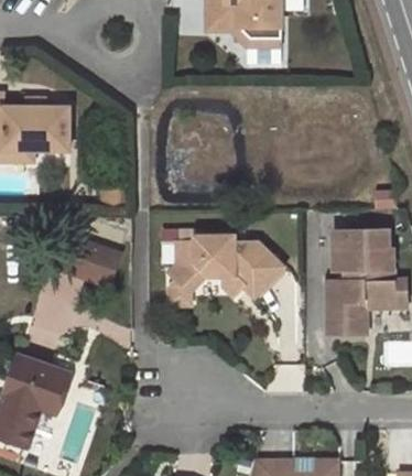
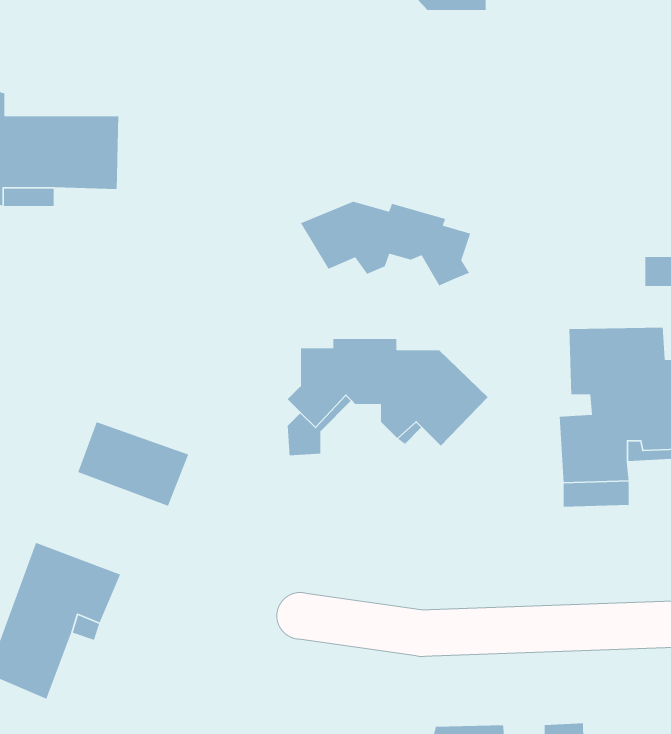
building: none -> [300,201,471,287]
building: [57,236,122,285] -> [77,421,189,507]

